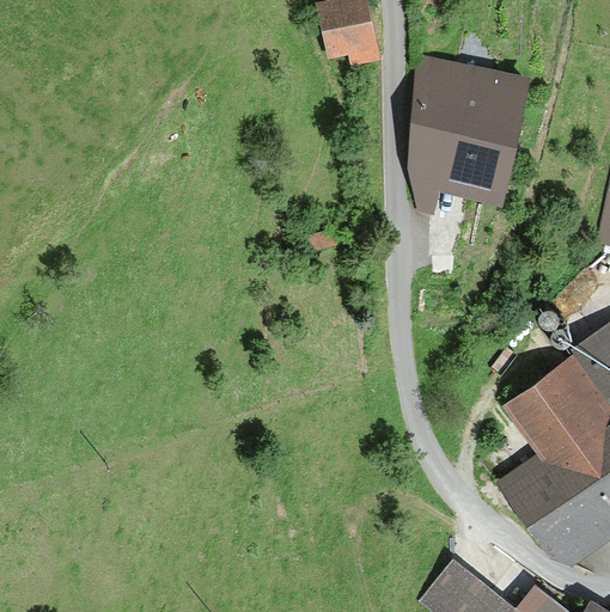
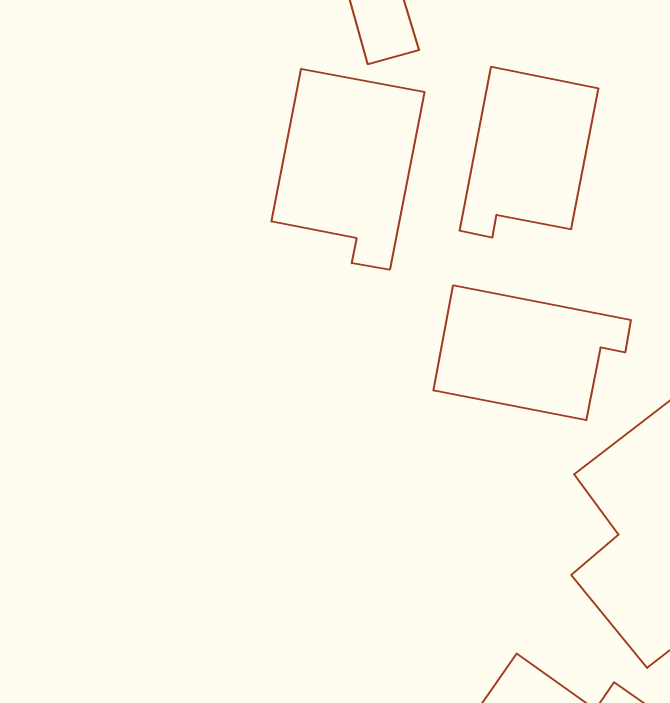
building: none -> [272,69,424,270]
building: none -> [434,285,631,420]

